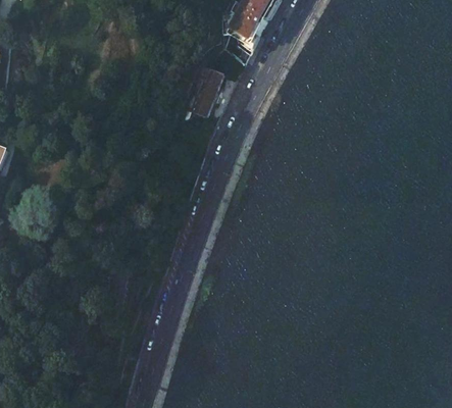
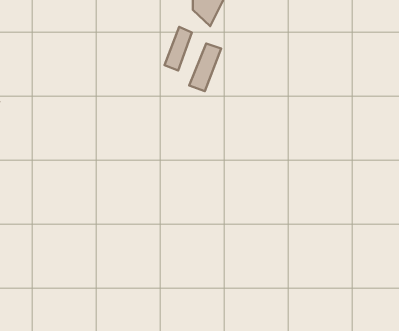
building: none -> [189,44,221,91]

